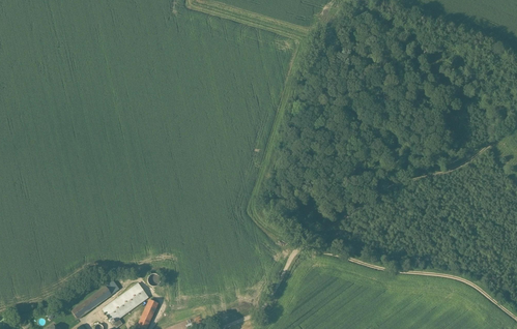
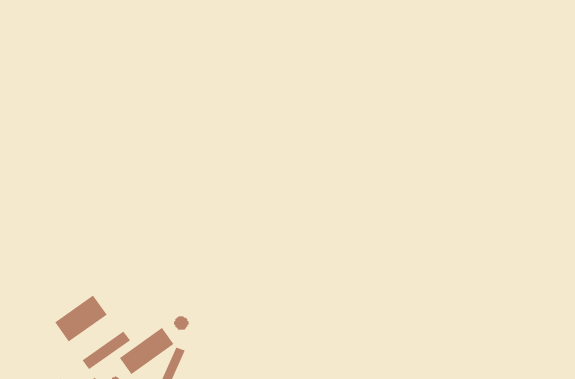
building: none -> [54,294,108,343]

